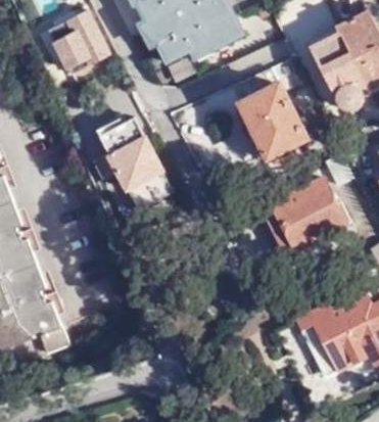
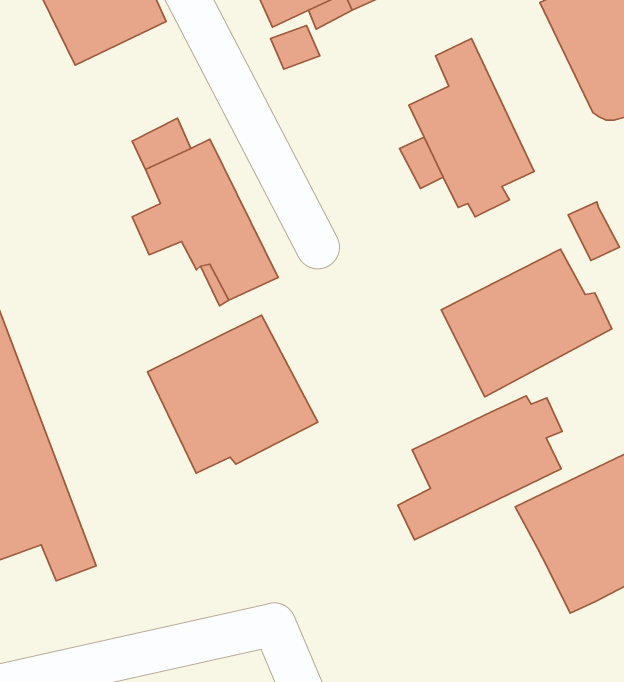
building: none -> [147,315,318,473]
building: none -> [398,396,562,540]

